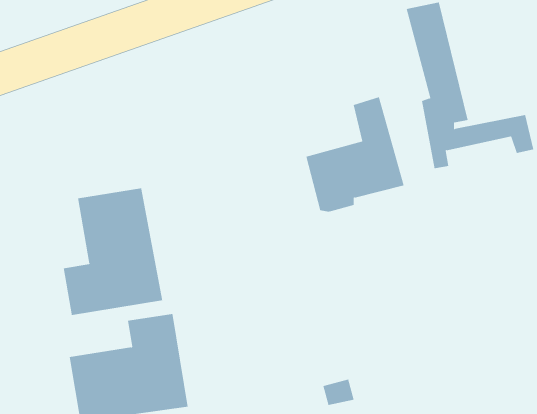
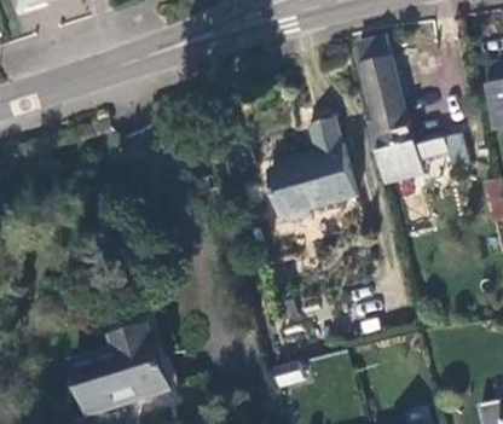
building: [63,188,163,316] -> none

